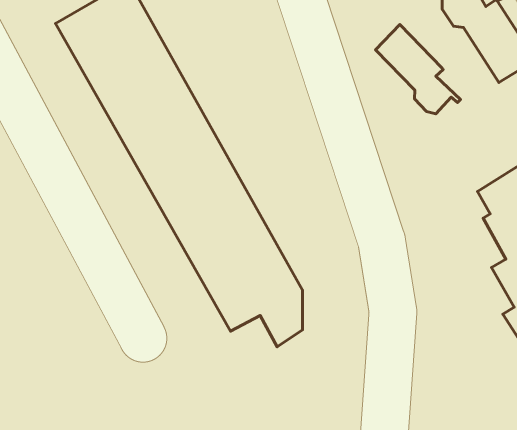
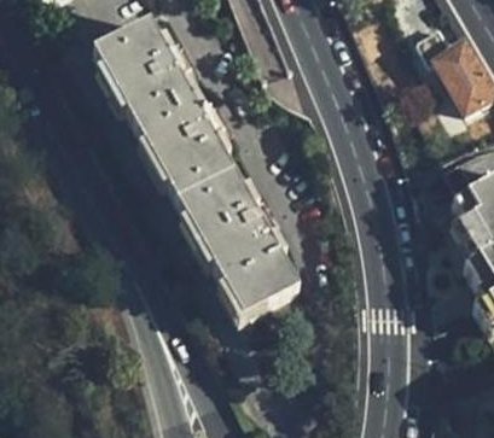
building: [375,25,460,114] -> none

